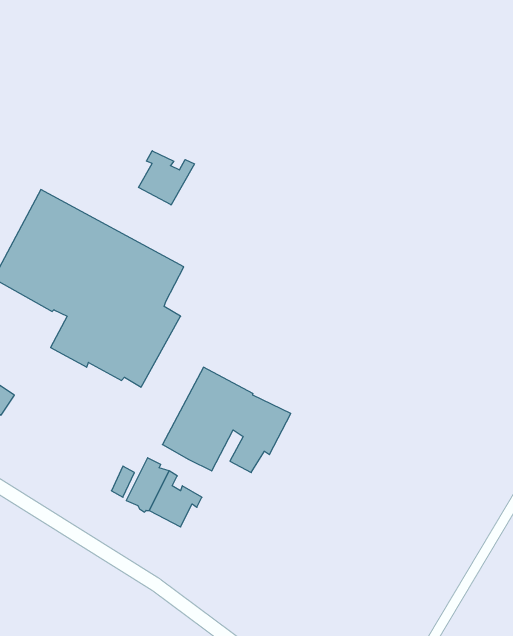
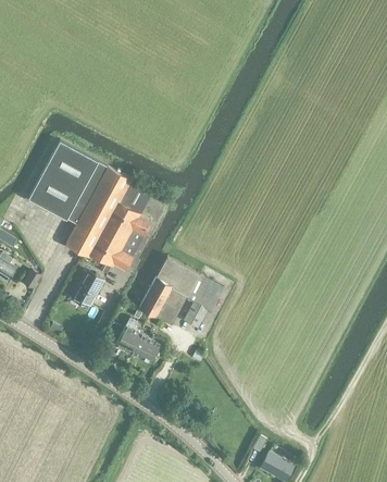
building: [139,151,194,205] -> none
building: none -> [72,270,104,306]

